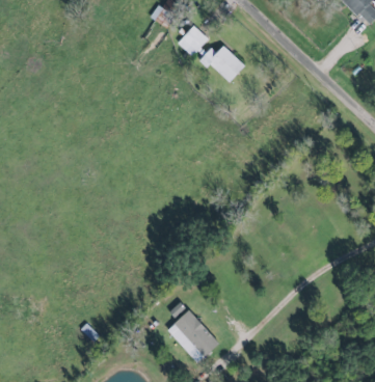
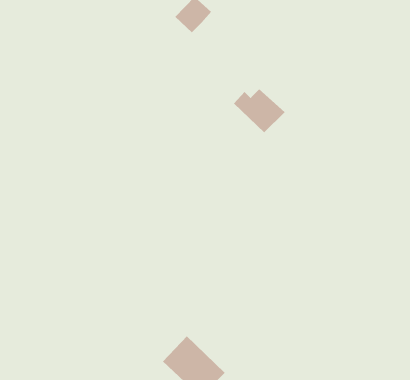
building: [202,46,245,83] -> [233,89,285,133]

